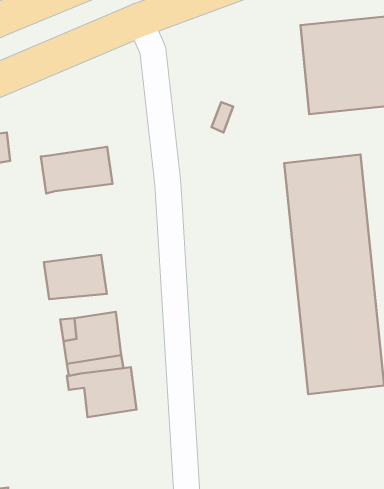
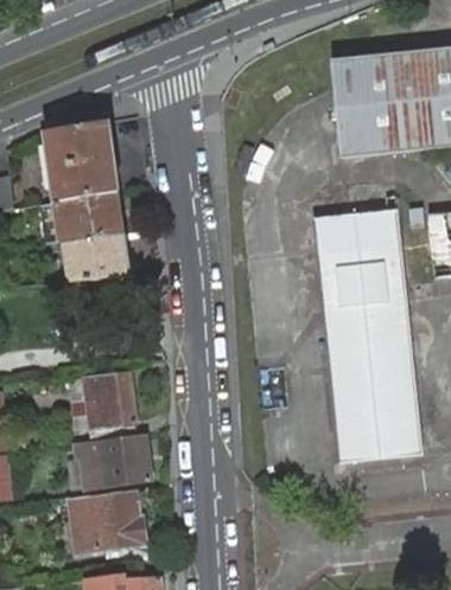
building: none -> [42,121,120,203]
building: [44,255,107,299] -> [63,233,132,282]
building: none -> [71,493,146,552]

